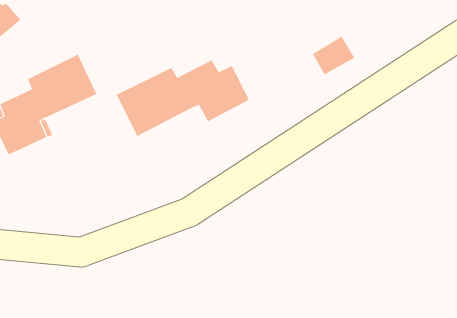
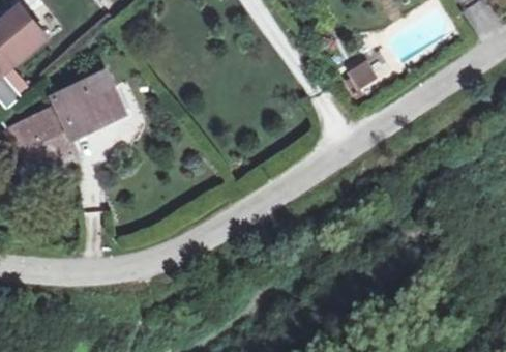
building: [116,59,250,137] -> none

